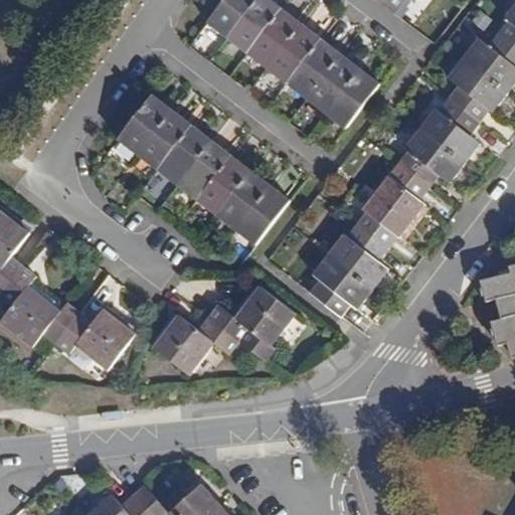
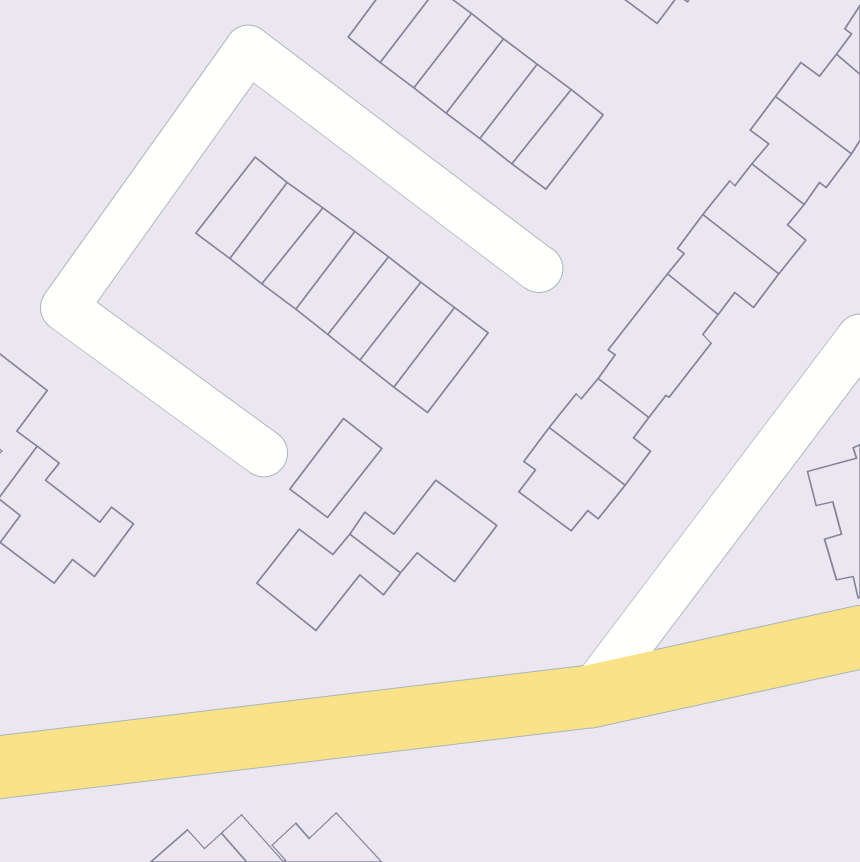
building: [325,68,378,129] -> none
building: none -> [290,418,382,518]
building: [56,309,135,370] -> none

